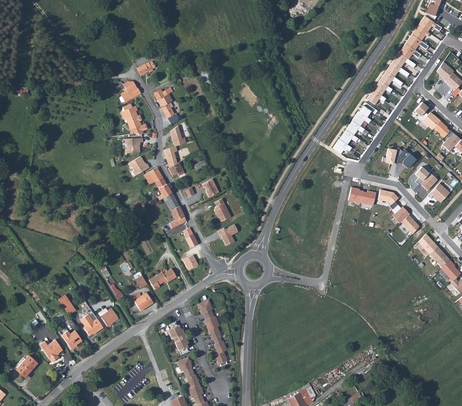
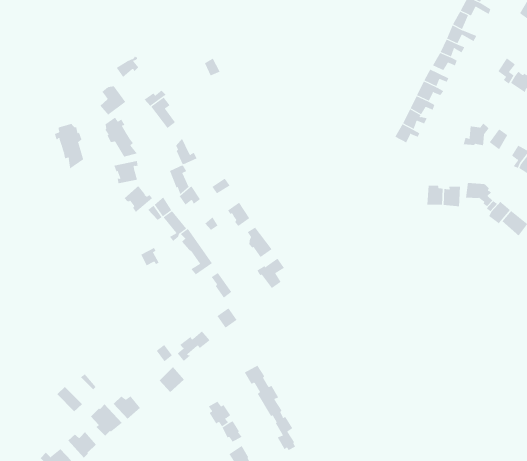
building: none -> [54,123,84,169]

